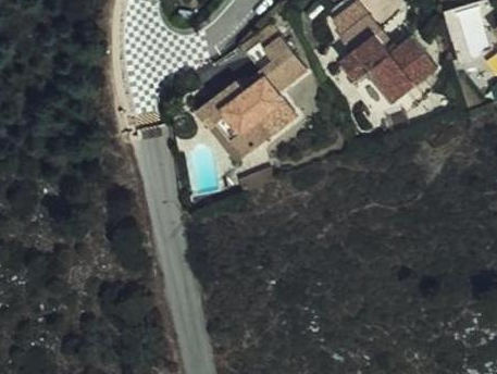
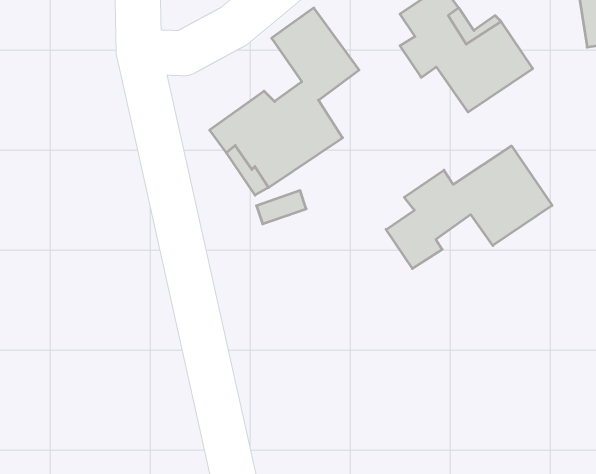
building: none -> [386,146,552,269]

